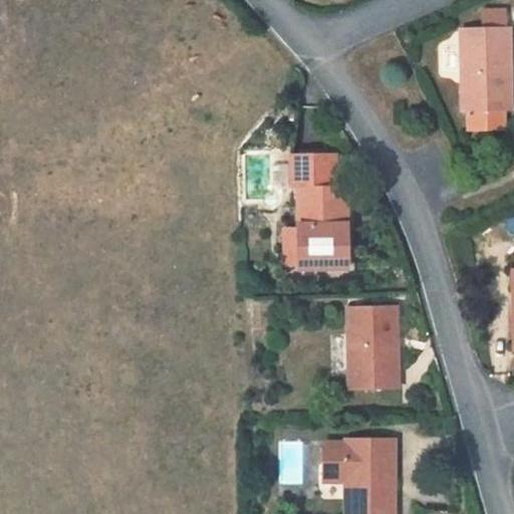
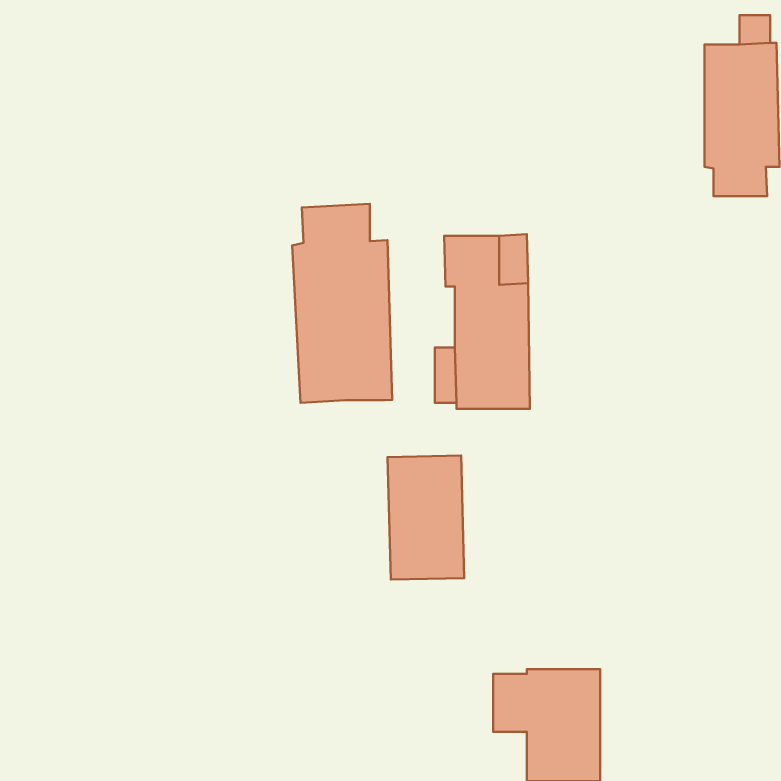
building: none -> [292,204,392,403]
building: [347,306,398,388] -> [388,456,464,580]

